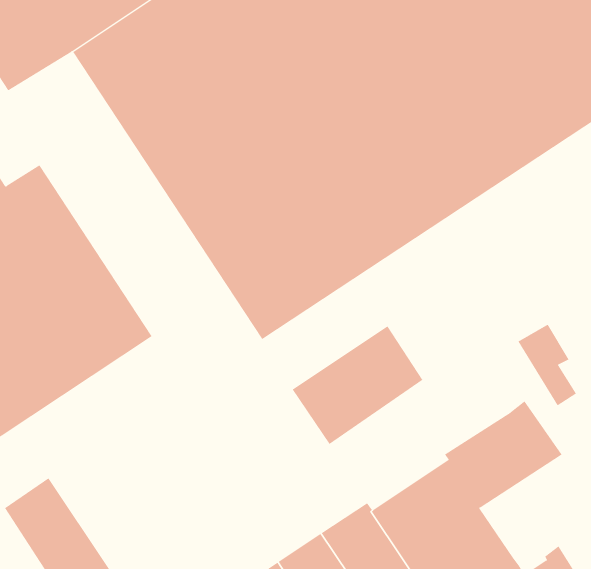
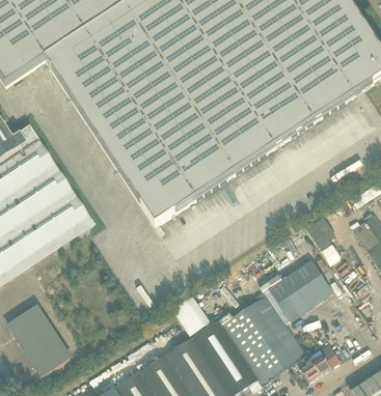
building: [292,326,423,445] -> none

